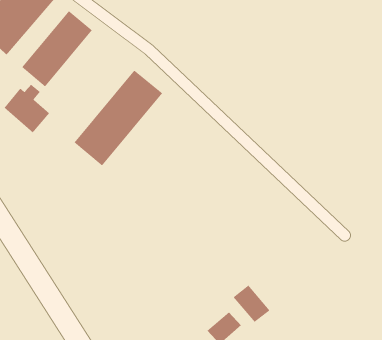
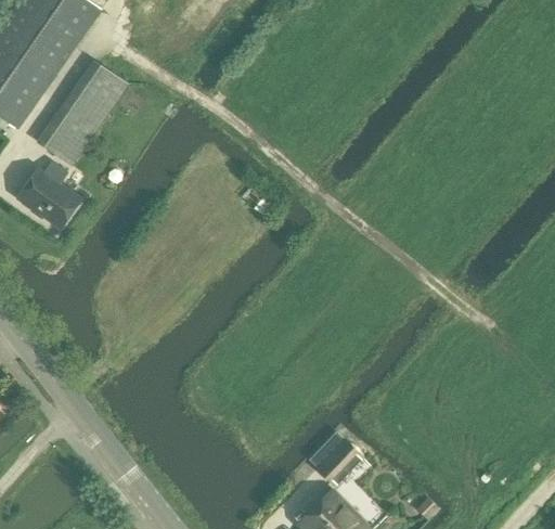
building: [73,69,163,166] -> none
building: [232,285,271,323] -> none

